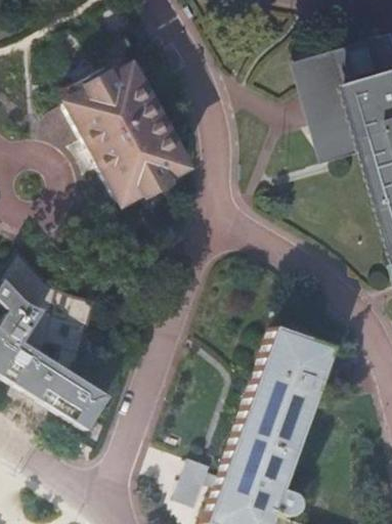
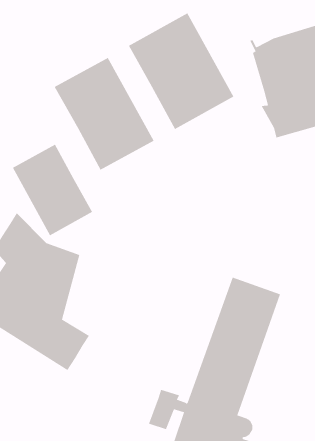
building: none -> [128,12,234,130]
building: none -> [12,144,93,236]

